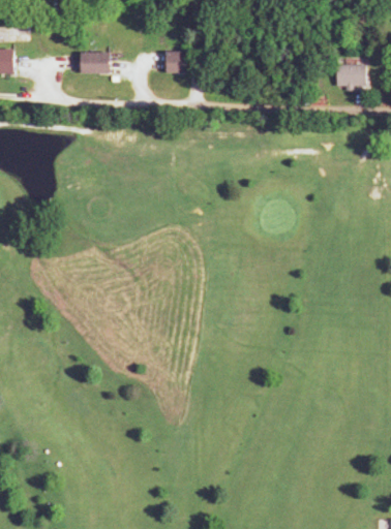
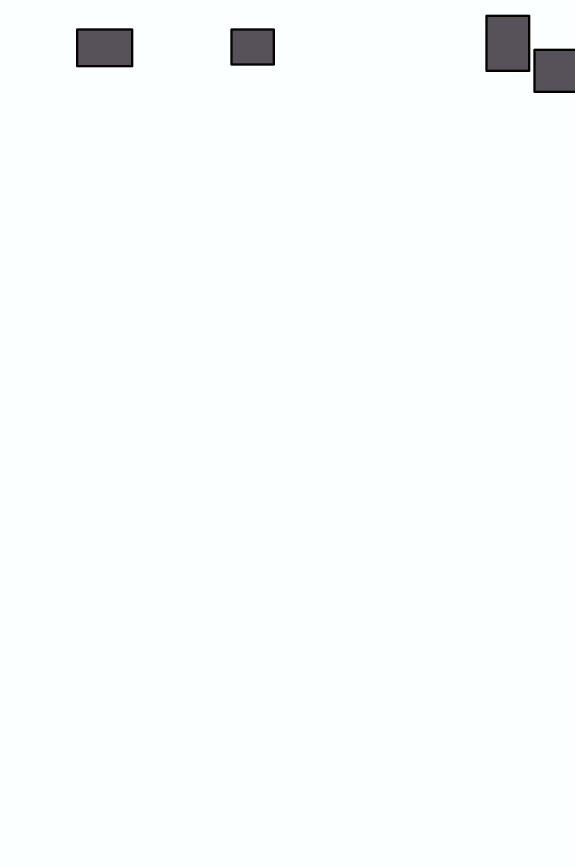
building: none -> [486,16,529,71]

